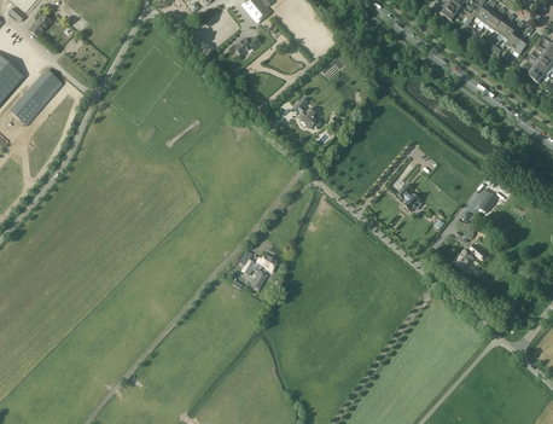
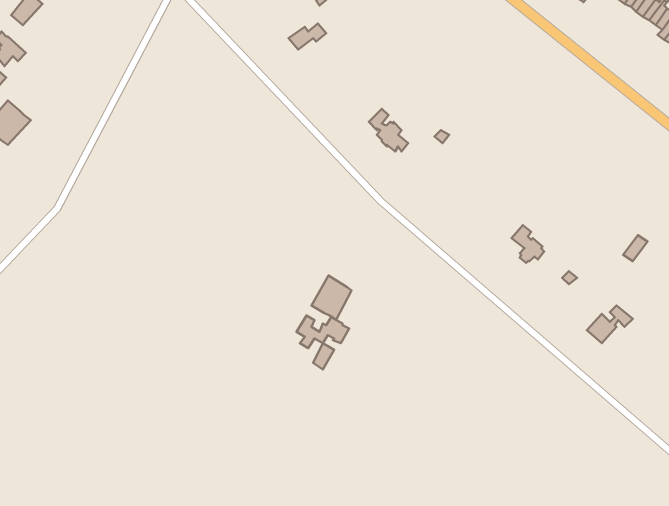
building: [27,64,66,108] -> none
building: none -> [311,276,352,320]

